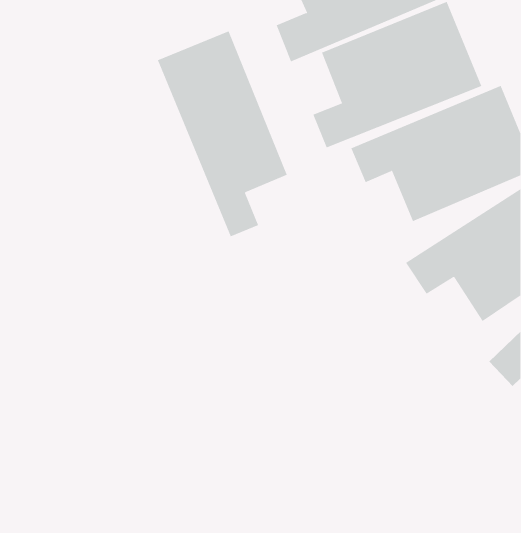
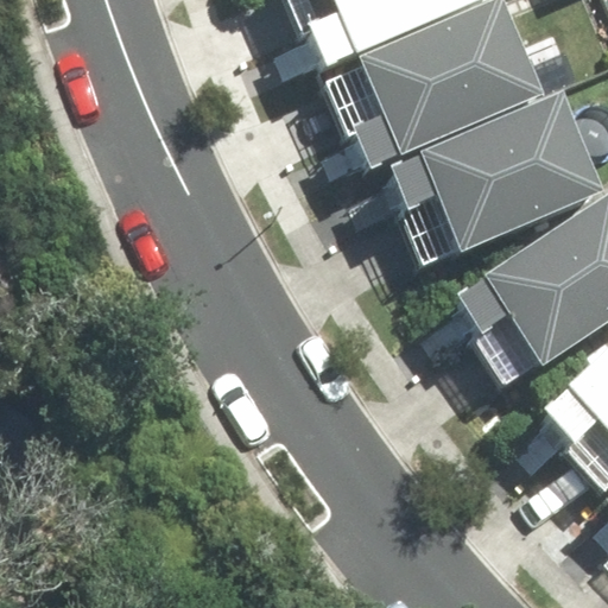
building: [157,31,288,237] -> none

